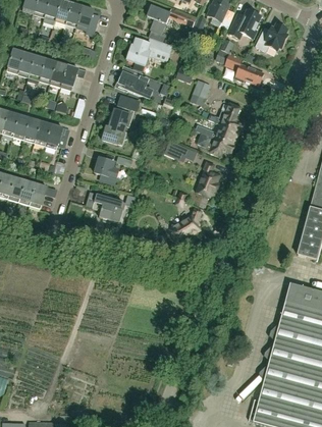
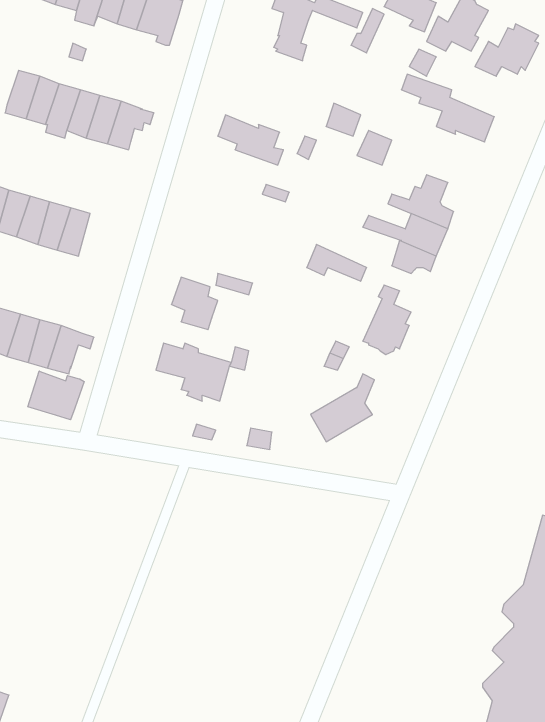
building: [125,38,172,71] -> none
building: [102,95,139,144] -> none
building: [45,123,69,149] -> none
building: none -> [28,371,84,420]

